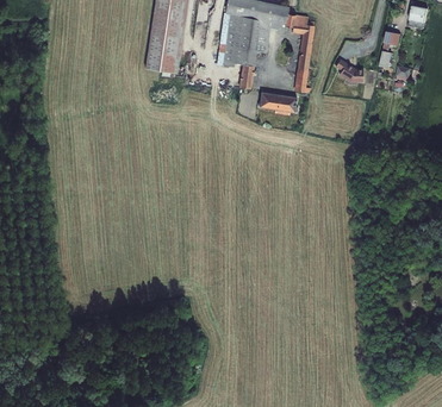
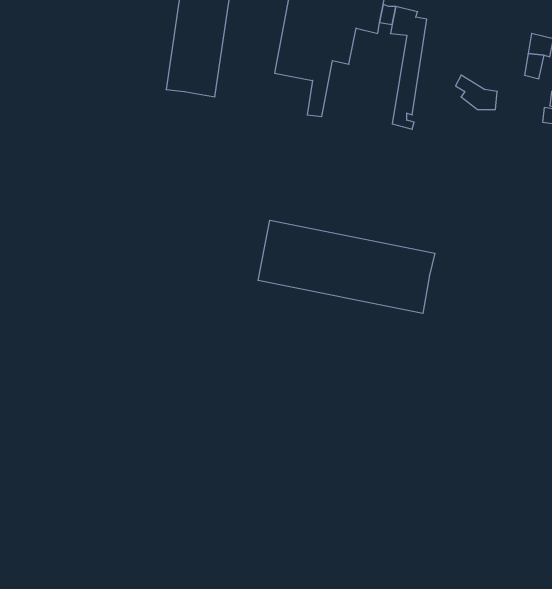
building: [254,90,295,115] -> none
building: none -> [258,220,435,313]

